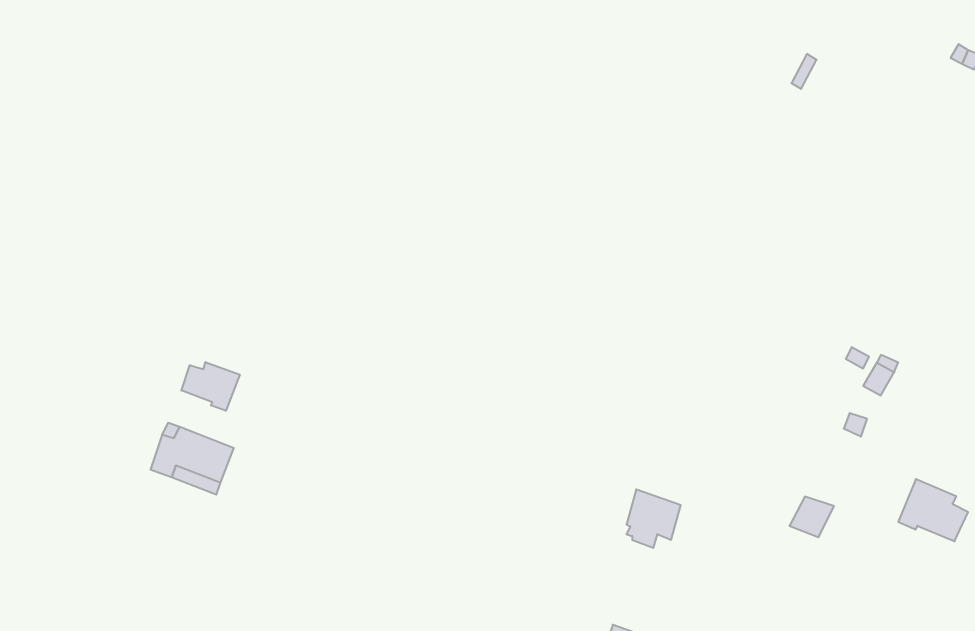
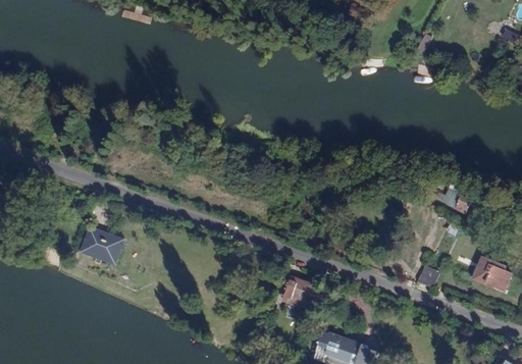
building: [181,362,240,411] -> none
building: [626,489,681,548] -> [283,275,312,306]

